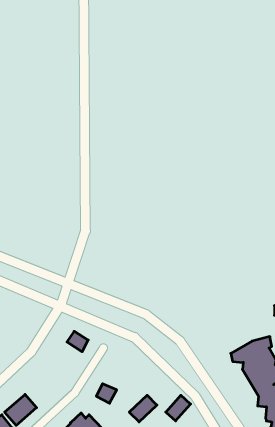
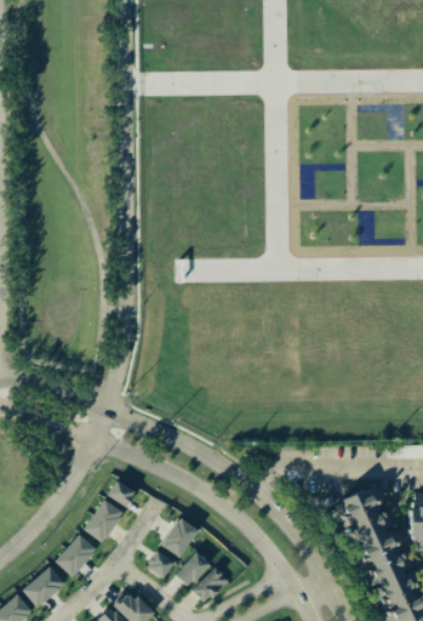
building: none -> [84,500,122,543]
building: none -> [160,517,199,558]
building: none -> [55,535,97,577]
building: [166,395,191,421] -> [176,552,210,587]

